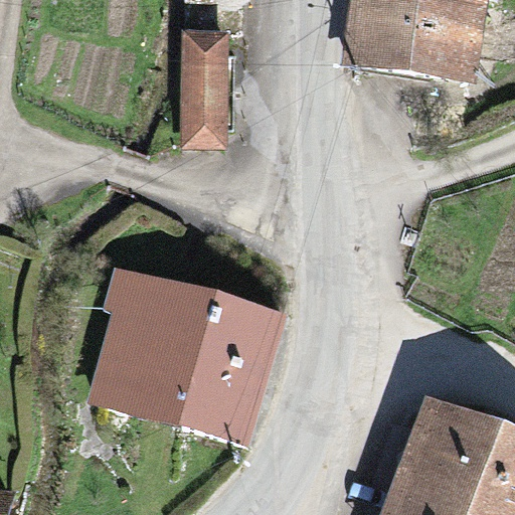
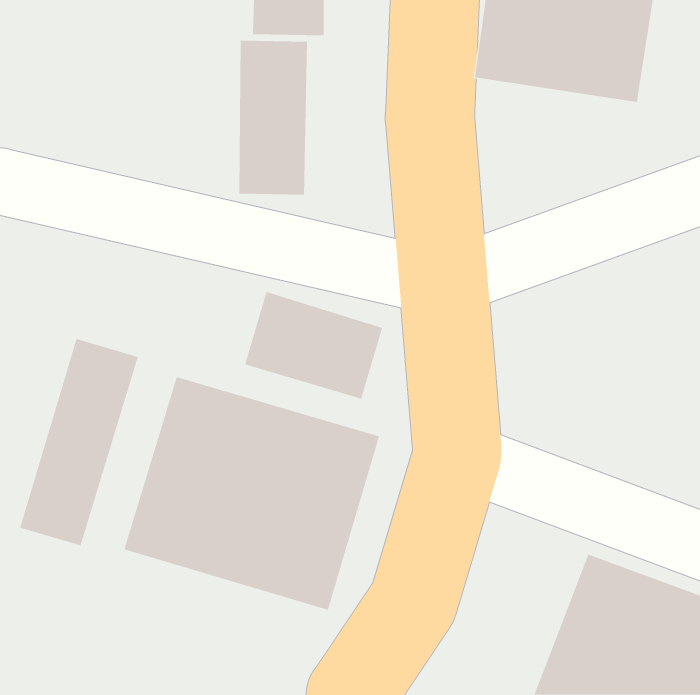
building: none -> [244,291,383,400]
building: none -> [20,338,139,546]

